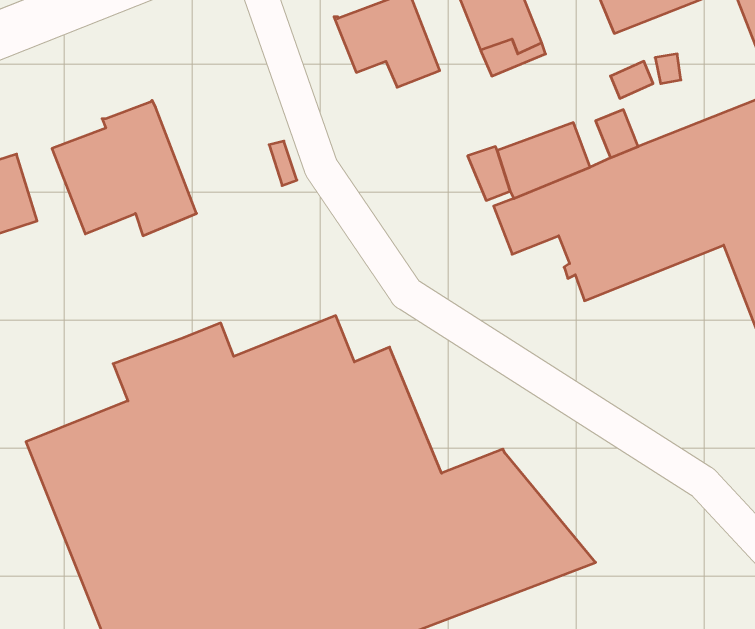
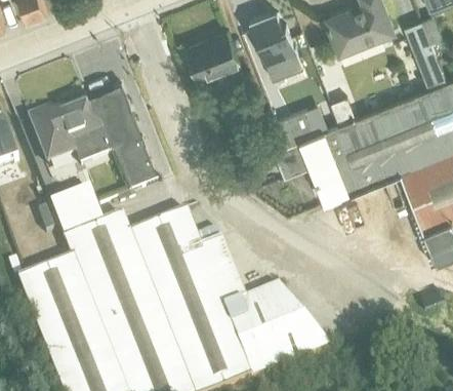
building: none -> [87,81,161,202]
building: none -> [50,192,102,239]

